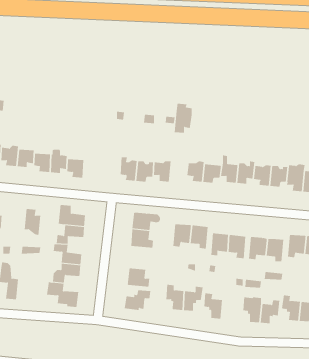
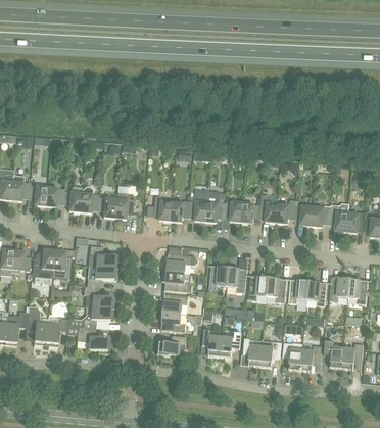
building: [174,103,192,133] -> [205,191,225,223]
building: none -> [114,192,134,219]
building: none -> [34,248,54,273]
building: none -> [161,293,187,314]
building: none -> [45,317,68,346]
building: none -> [259,341,281,368]

